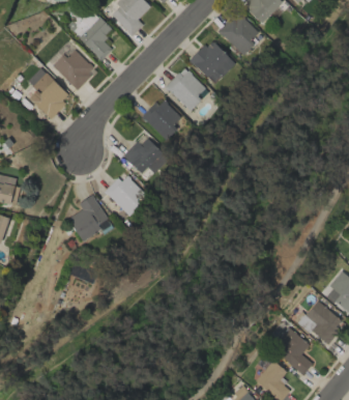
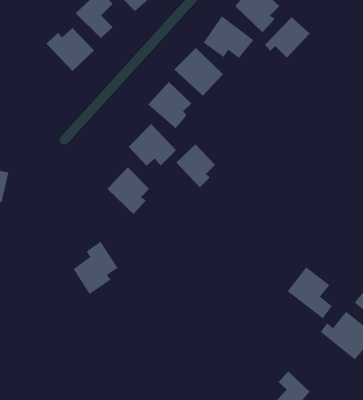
building: none -> [264,17,311,58]
building: [28,67,70,117] -> none
building: none -> [175,143,216,188]
building: [67,194,108,241] -> [73,241,119,295]
building: [271,327,312,374] -> [287,266,333,319]

